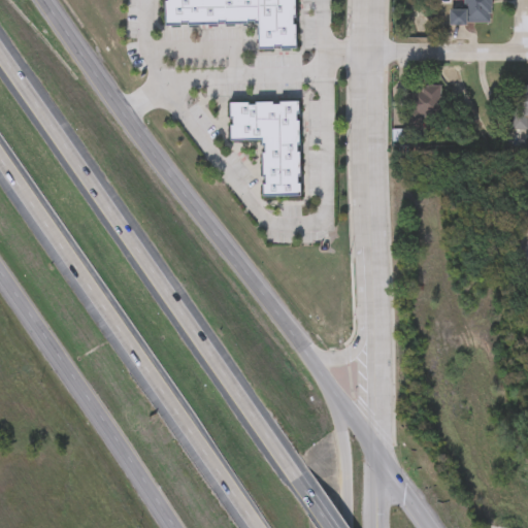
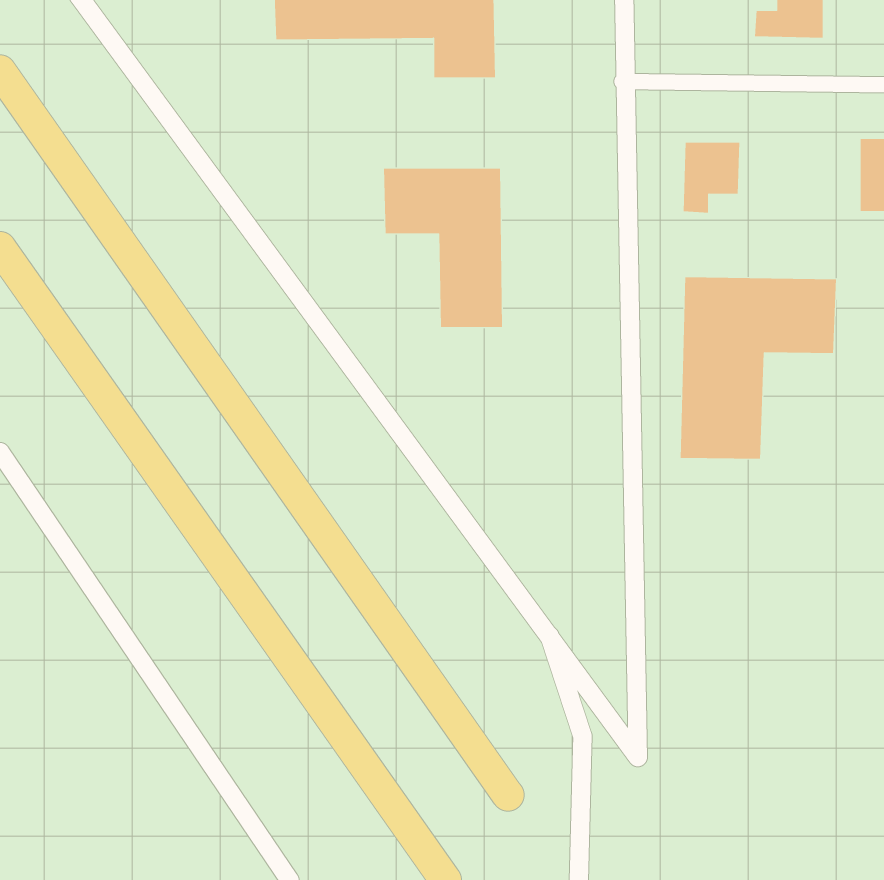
building: none -> [680,276,837,460]

